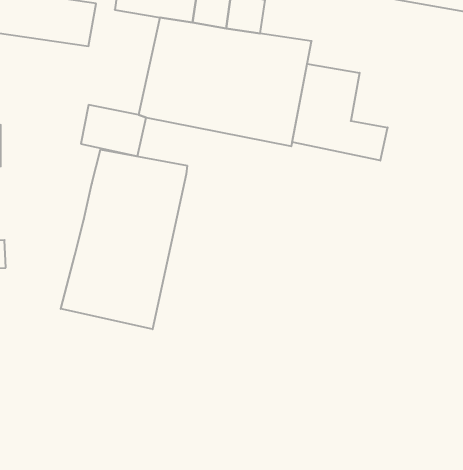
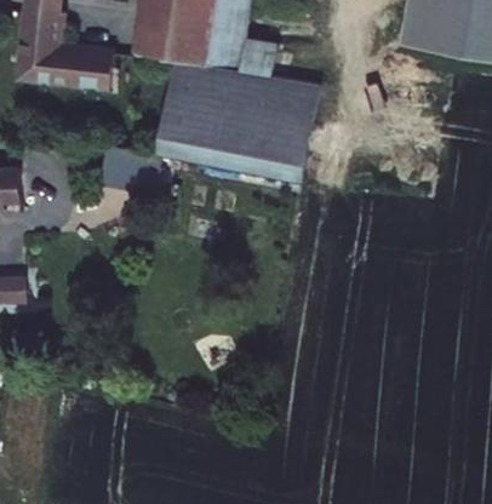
building: [292,64,388,161] -> none
building: [61,149,187,329] -> none

